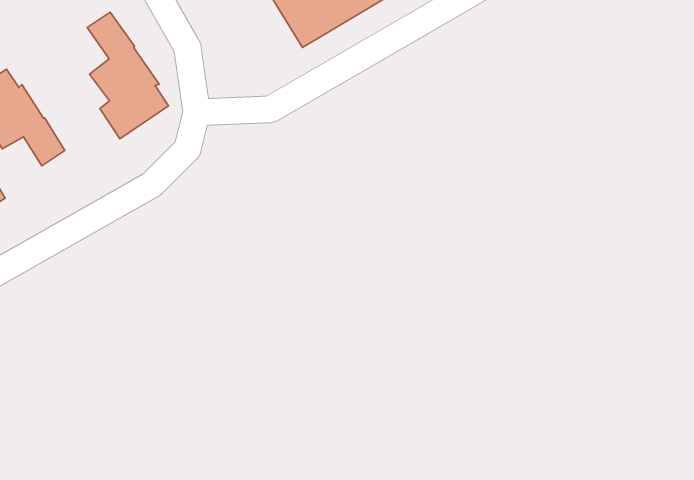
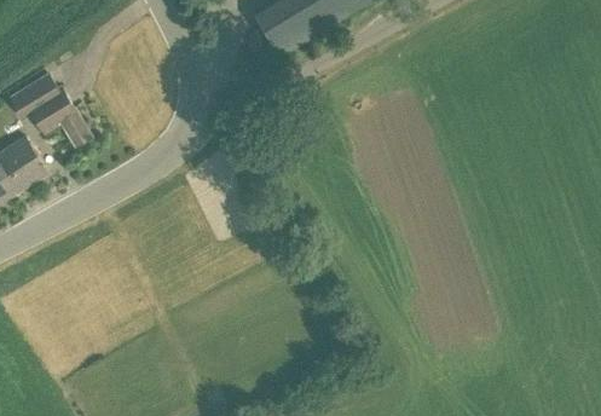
building: [87,12,169,139] -> none

